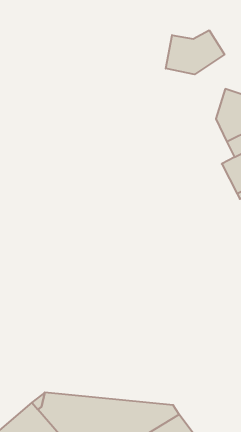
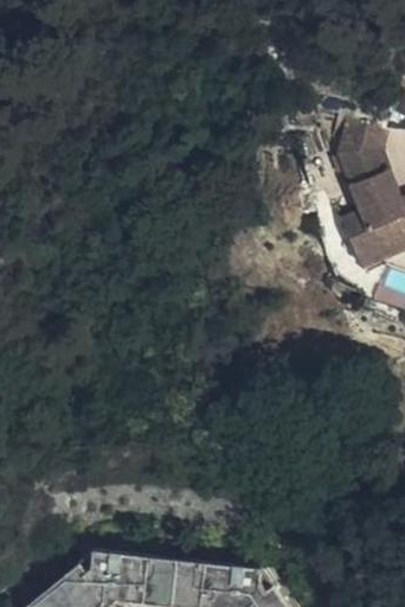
building: [166,30,224,74] -> none

